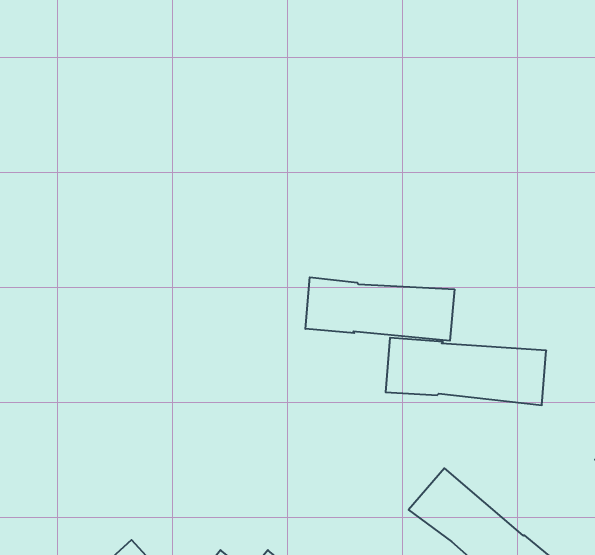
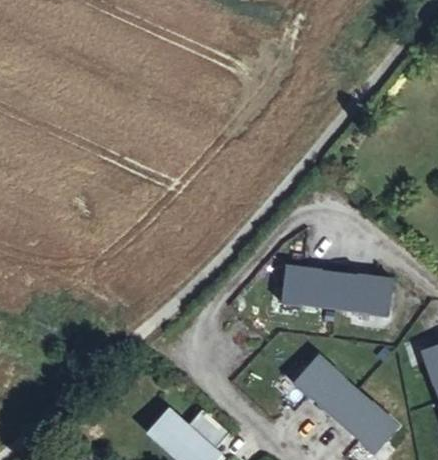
building: [305,277,454,341] -> none

